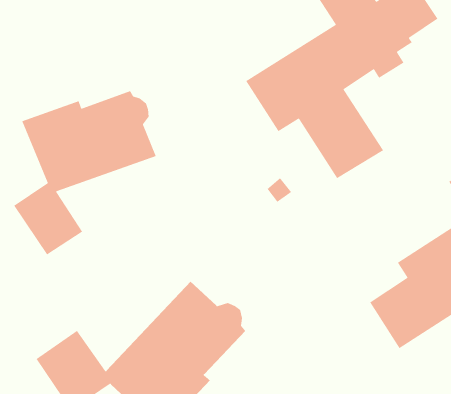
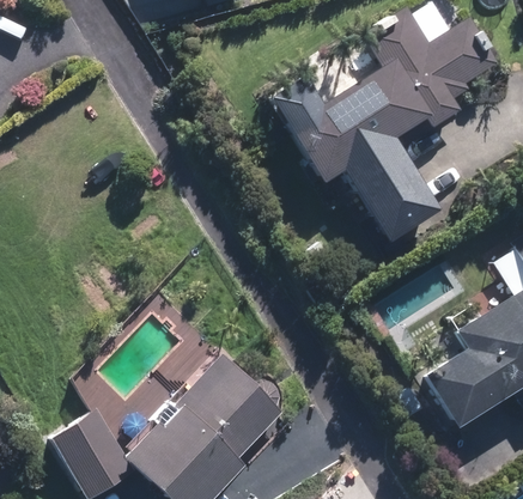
building: [13,90,157,256] -> none

